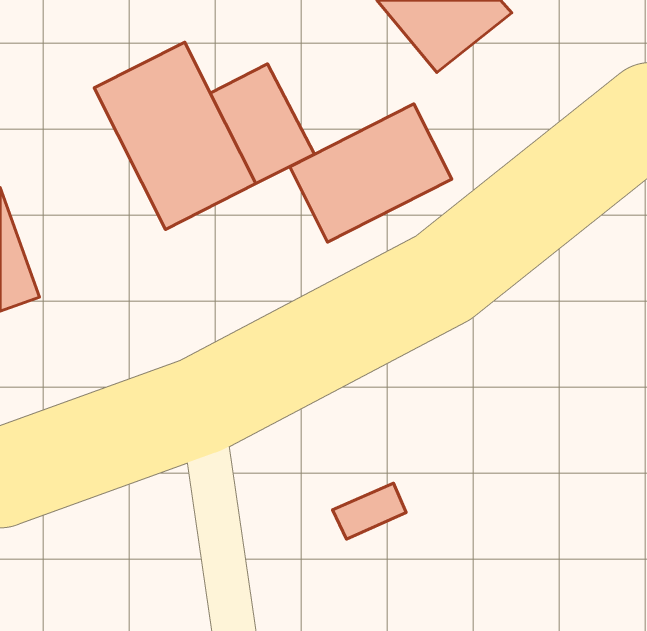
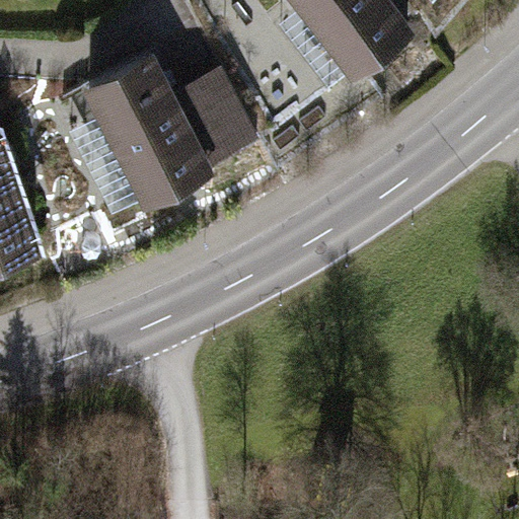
building: [290,104,452,242] -> none

